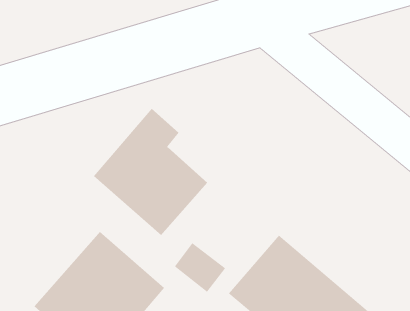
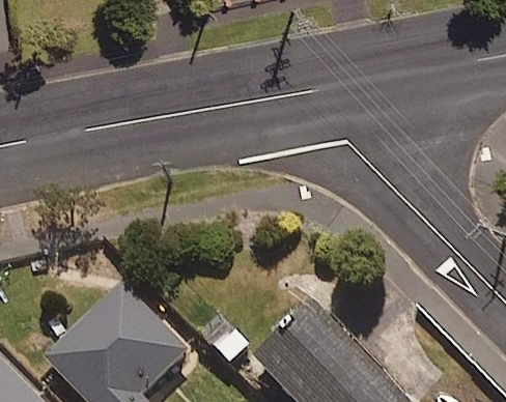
building: [93,108,208,236] -> none

